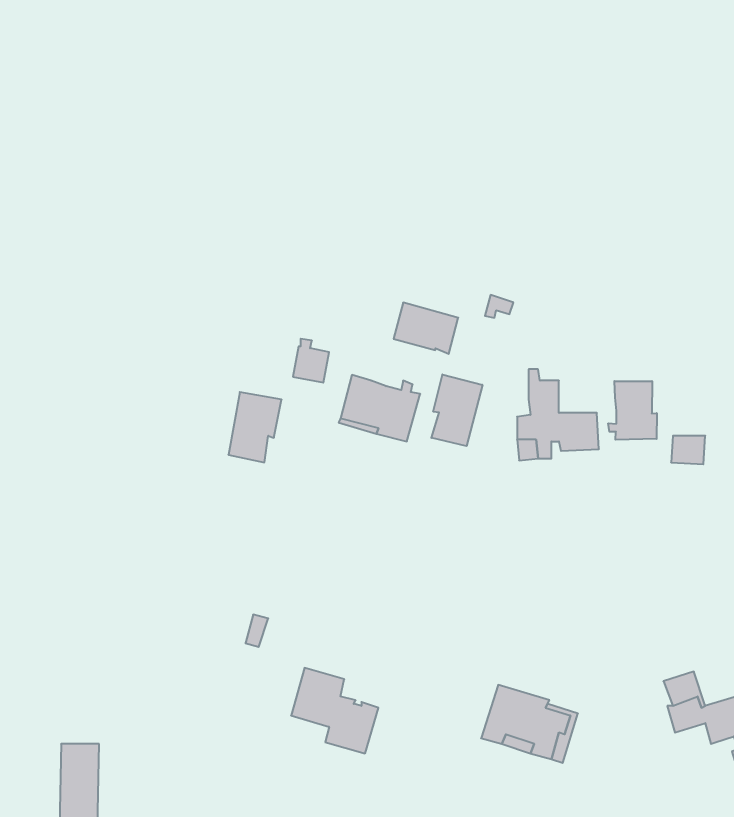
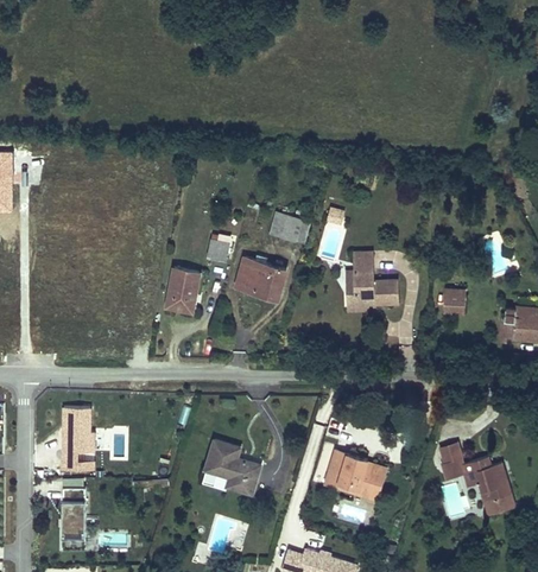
building: [431,374,482,446] -> none
building: [608,381,657,440] -> none
building: none -> [62,406,94,472]

